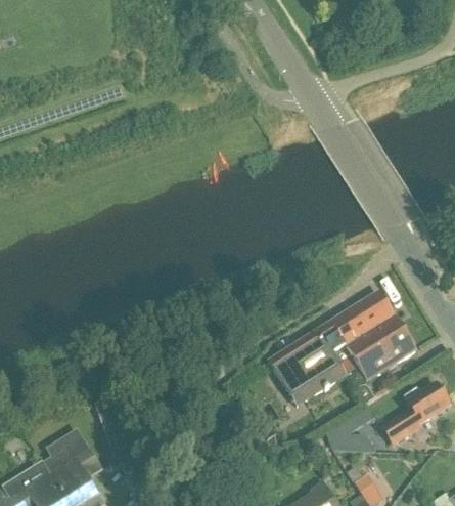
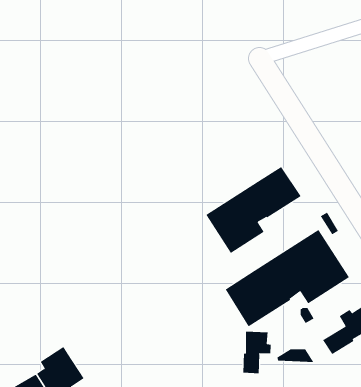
building: none -> [206,166,301,254]
building: none -> [243,331,271,374]

